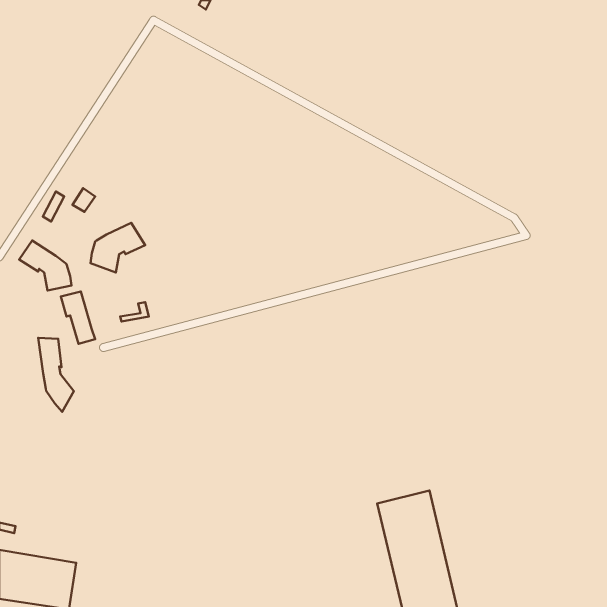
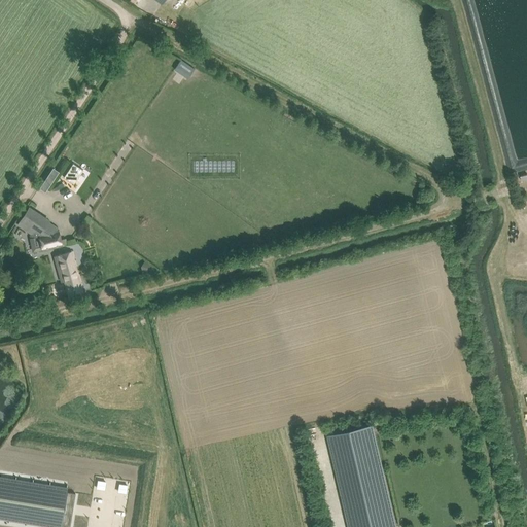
building: [91,223,145,272] -> none
building: [38,338,74,412] -> none

